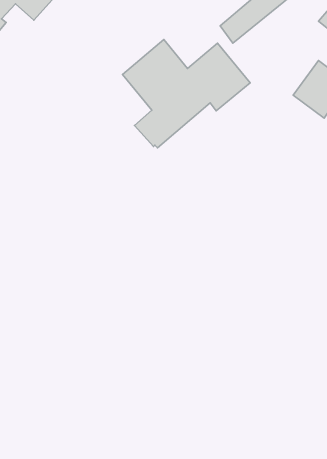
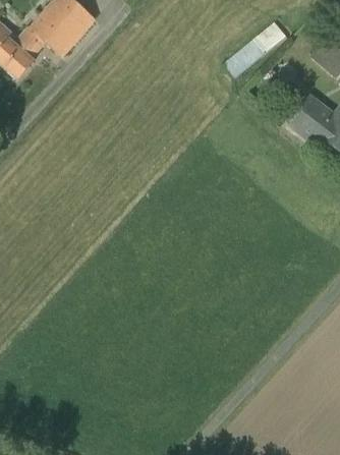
building: [122,39,250,148] -> none

